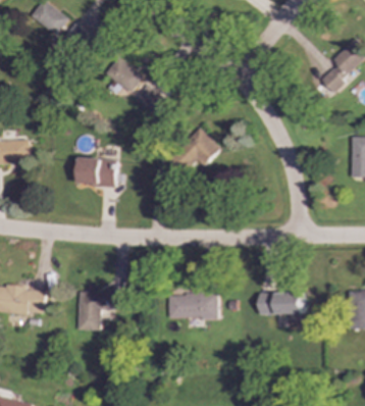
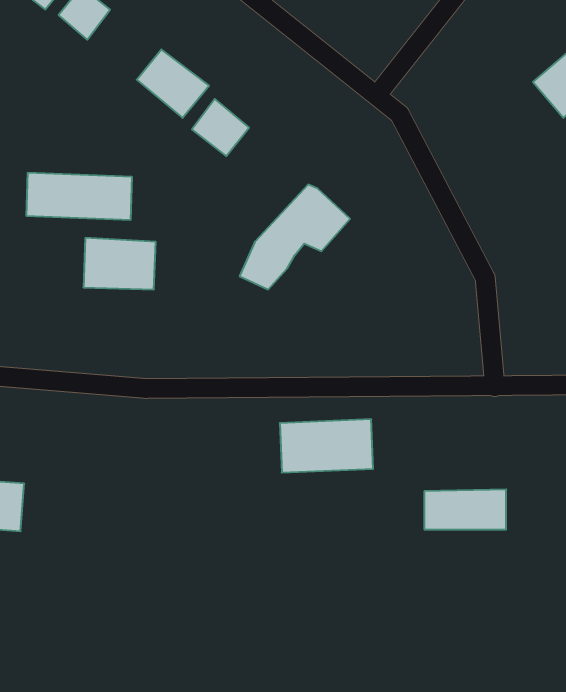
building: none -> [27,173,132,220]
building: [77,292,125,331] -> none
building: [167,292,217,320] -> [280,419,373,473]

